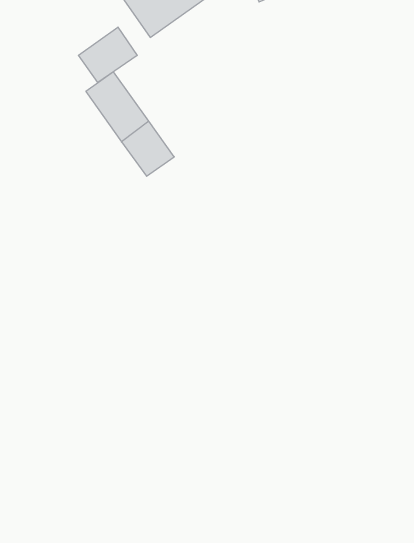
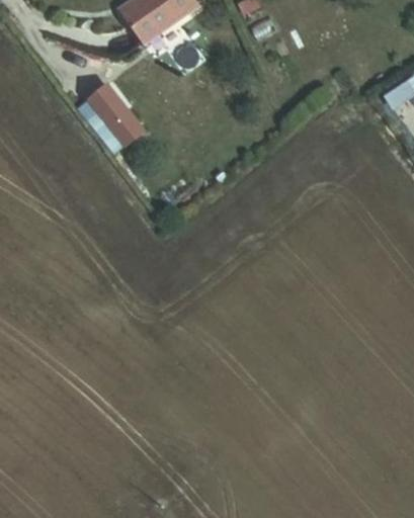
building: [78,27,137,83] -> none

